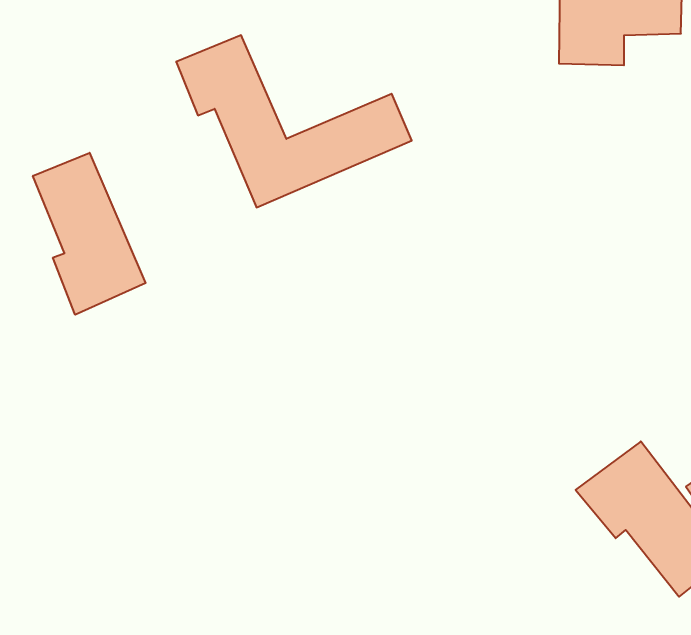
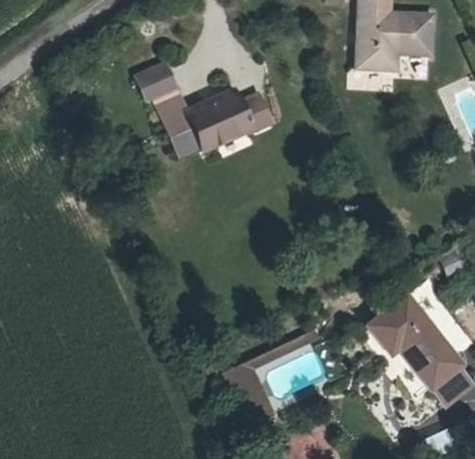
building: [33,153,146,315] -> none

